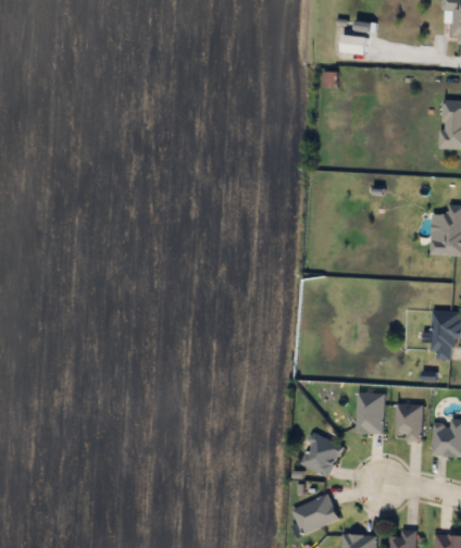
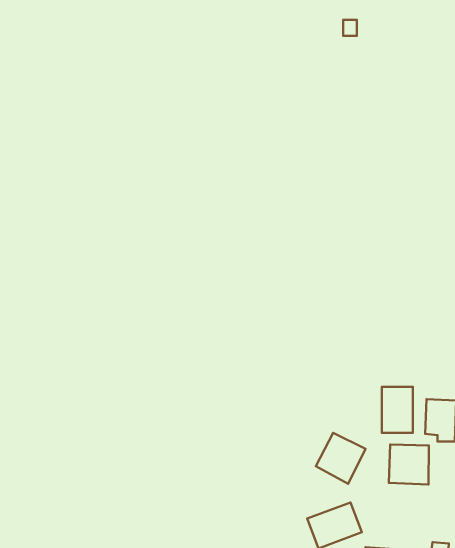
building: none -> [389,445,429,484]

